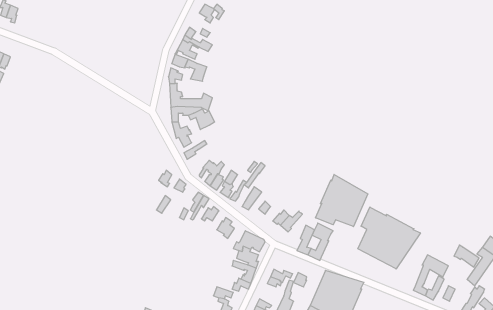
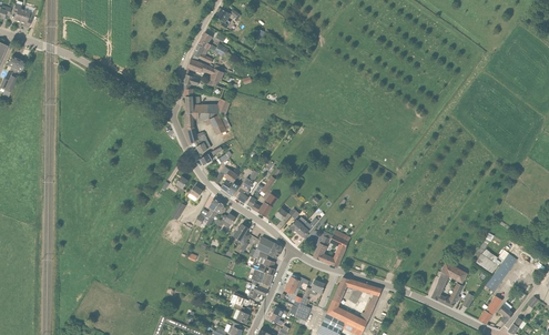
building: [316,174,368,227] -> none
building: [358,207,420,269] -> none

